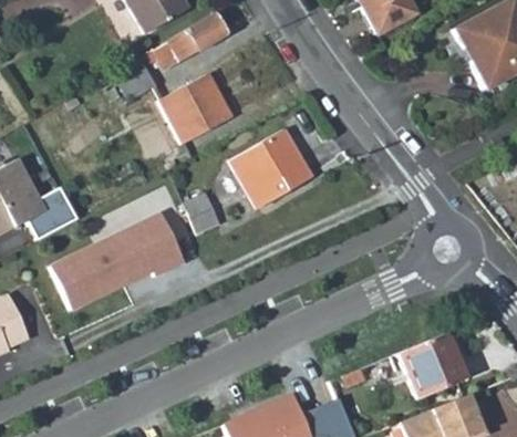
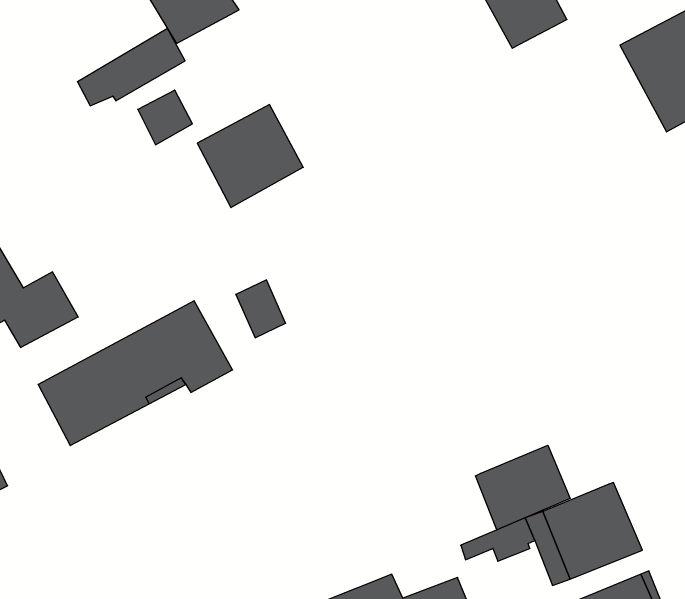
building: [154,13,228,66] -> [77,29,185,106]
building: [232,129,310,207] -> none
building: none -> [476,445,570,530]

